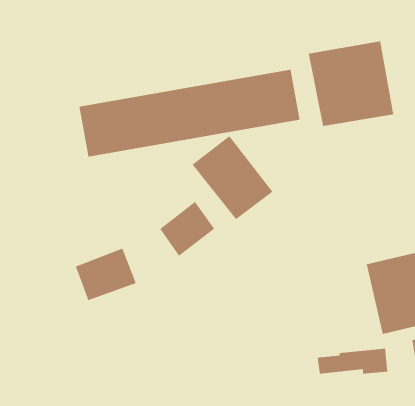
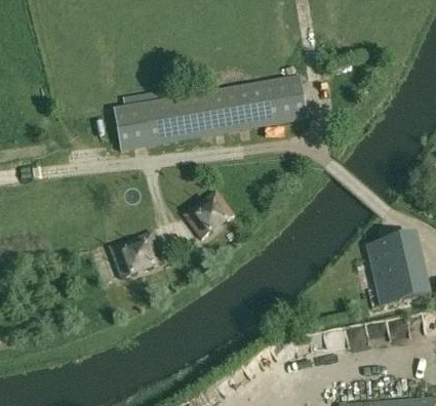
building: [308,41,394,127] -> none
building: [191,135,273,220] -> none

